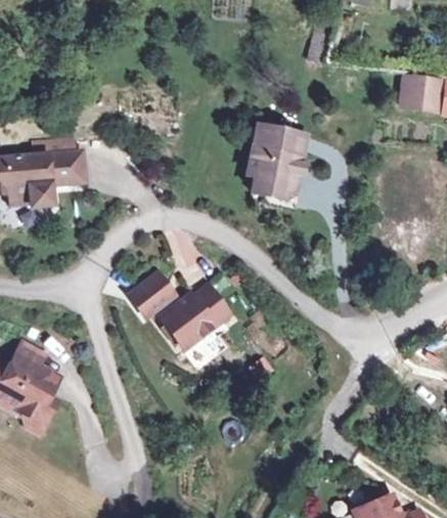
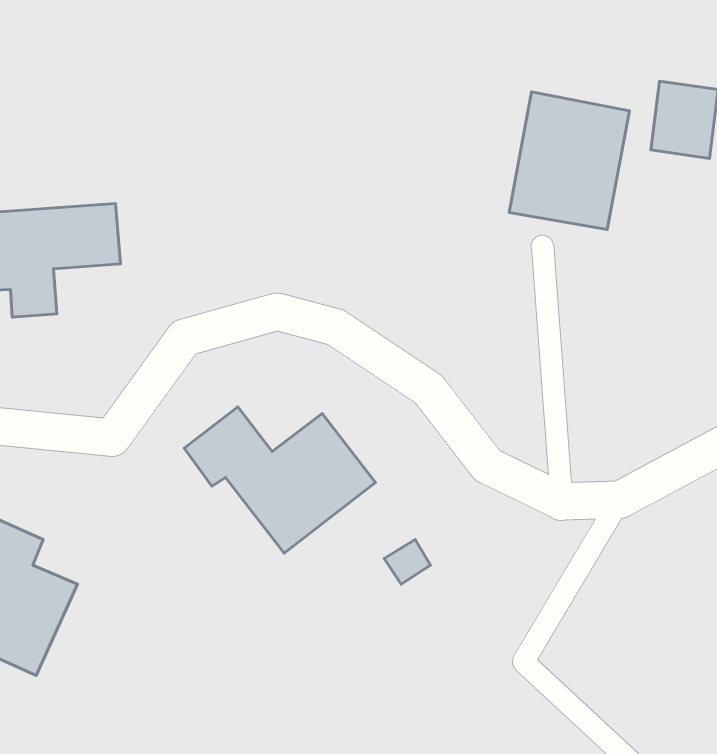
building: [234,124,306,206] -> [509,92,630,230]

